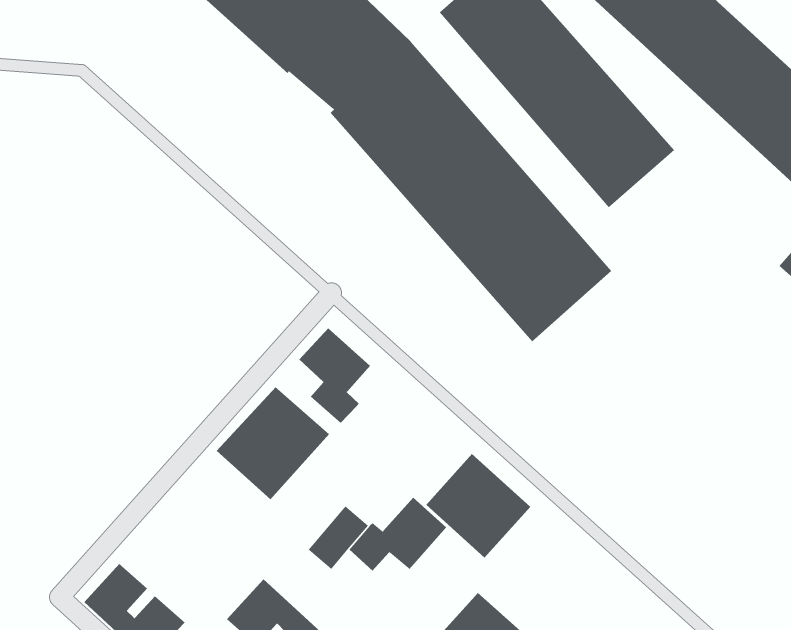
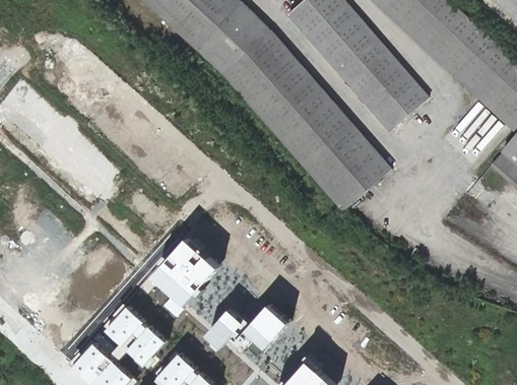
building: [298,327,371,424] -> none
building: [425,453,531,559] -> none
building: none -> [105,306,167,364]

